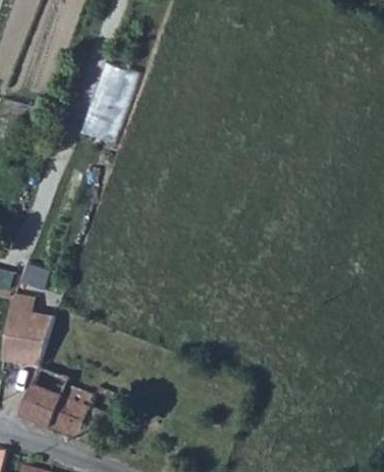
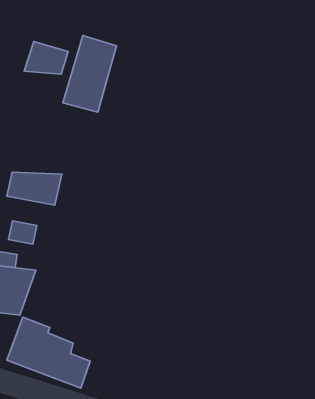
building: none -> [24,42,68,74]
building: none -> [7,172,62,205]

